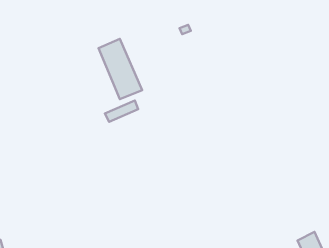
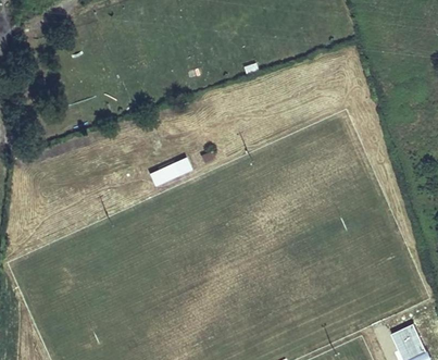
building: [98,39,142,99] -> none

